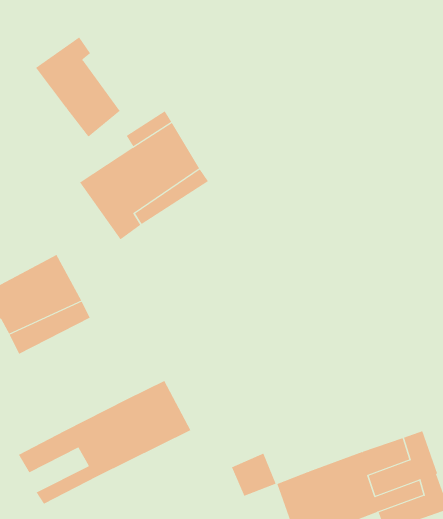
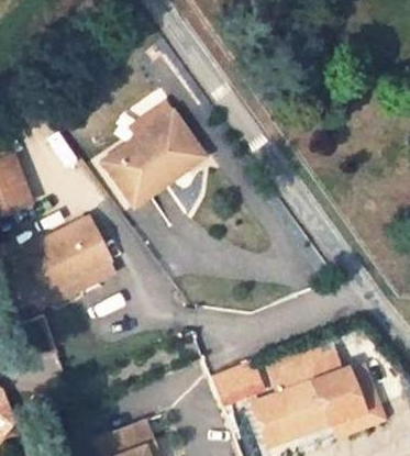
building: [35,36,121,137] -> none
building: [18,380,191,504] -> none
building: none -> [270,347,322,388]

